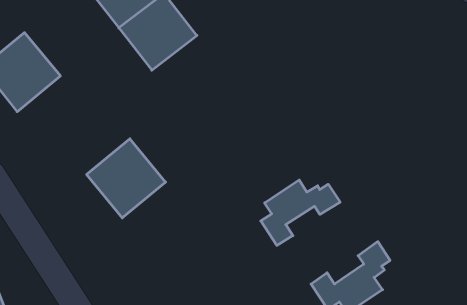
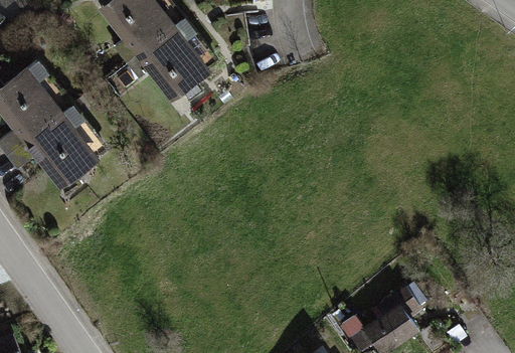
building: [87,139,166,218] -> [25,106,110,190]
building: [261,180,340,245] -> none

